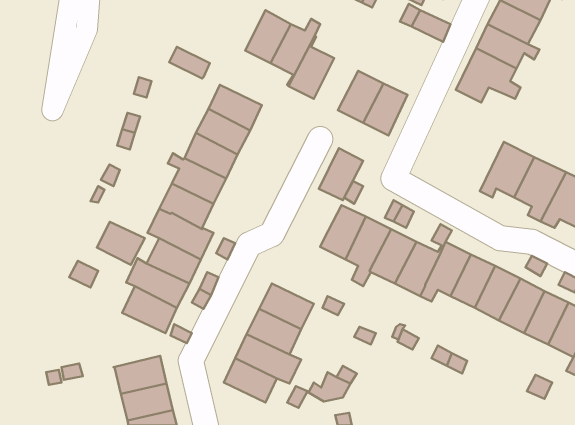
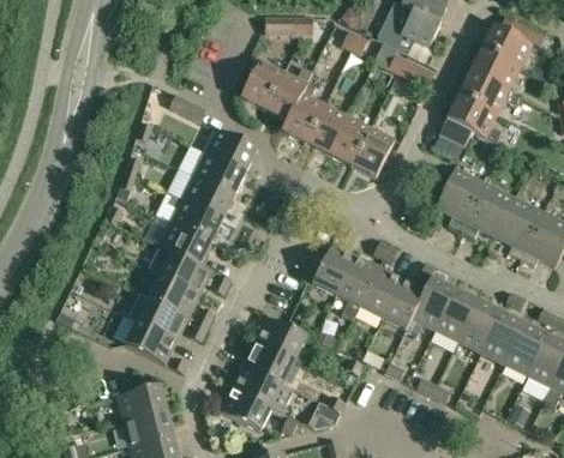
building: none -> [436,167,485,229]
building: [319,148,363,200] -> [305,103,347,152]
building: [97,222,145,265] -> none

